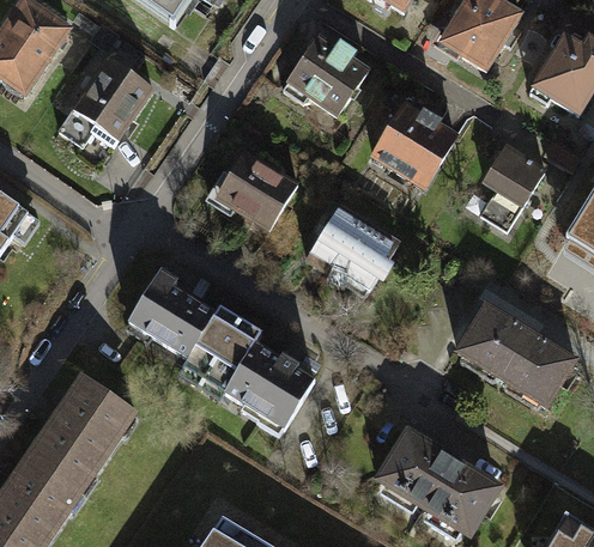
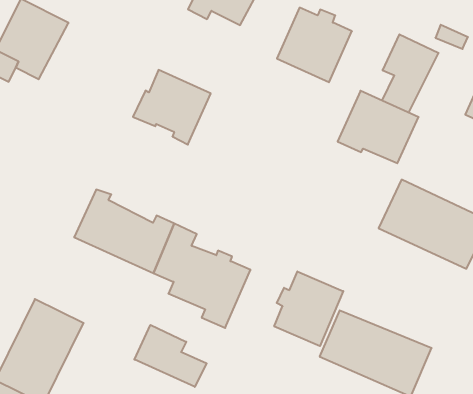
building: [308,205,398,287] -> [338,91,419,163]
building: none -> [274,271,343,346]
building: none -> [134,325,207,387]

